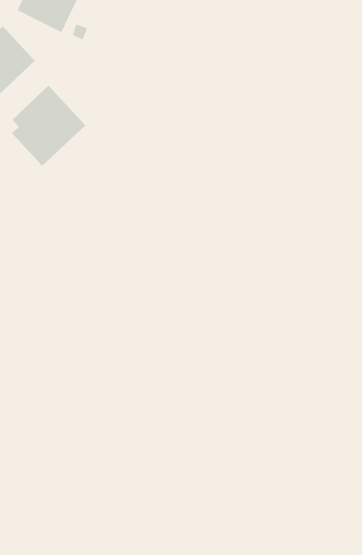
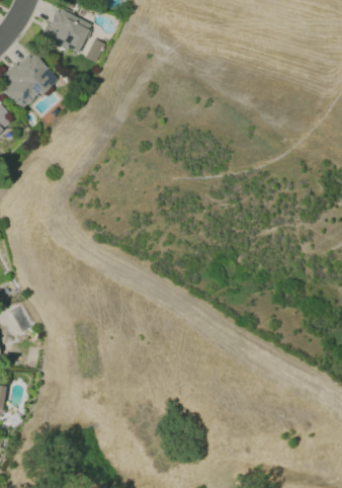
building: [11,85,86,167] -> none

